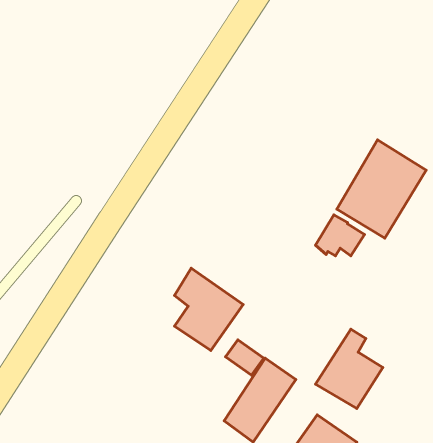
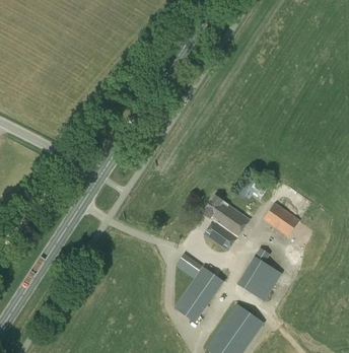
building: [337,140,426,238] -> none
building: none -> [263,202,300,236]
building: [174,268,243,350] -> [204,196,250,251]

